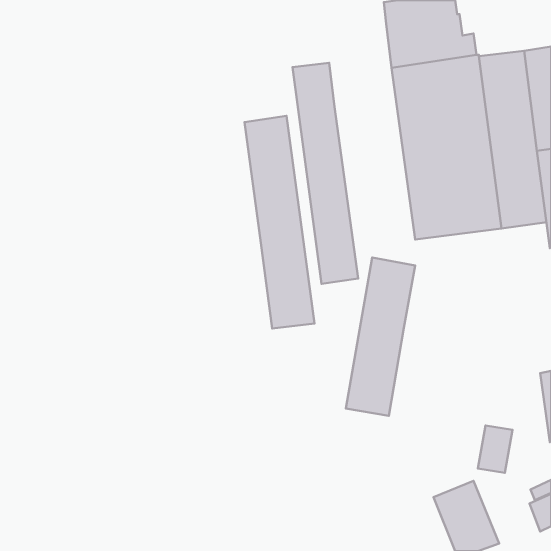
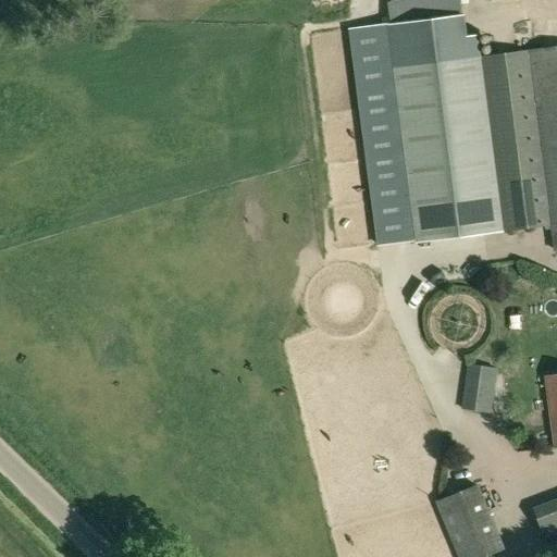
building: [293,63,358,284] -> [352,24,419,247]
building: [245,116,315,329] -> none
building: [346,257,415,416] -> none
building: [478,425,512,473] -> [462,364,497,412]

